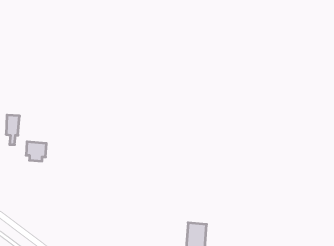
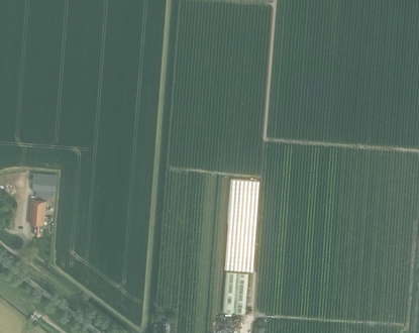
building: [6,115,20,145] -> [29,200,45,235]

